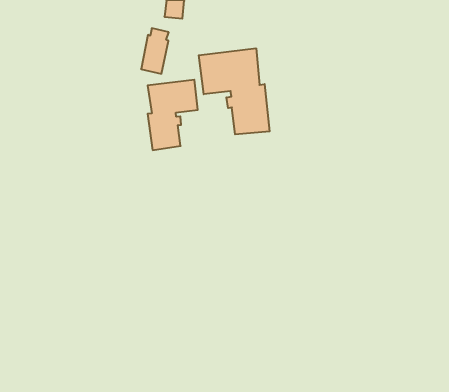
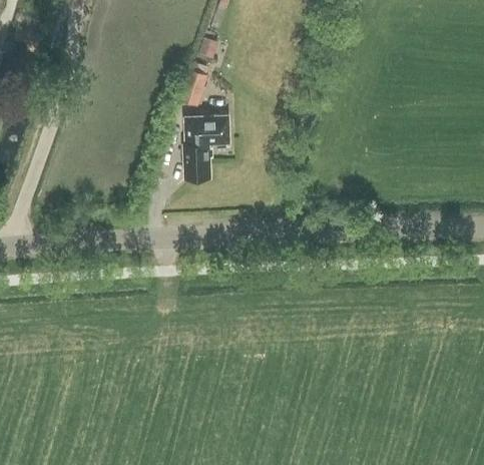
building: [199,48,270,134] -> none

